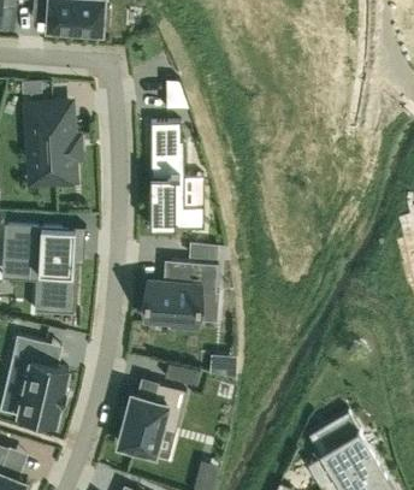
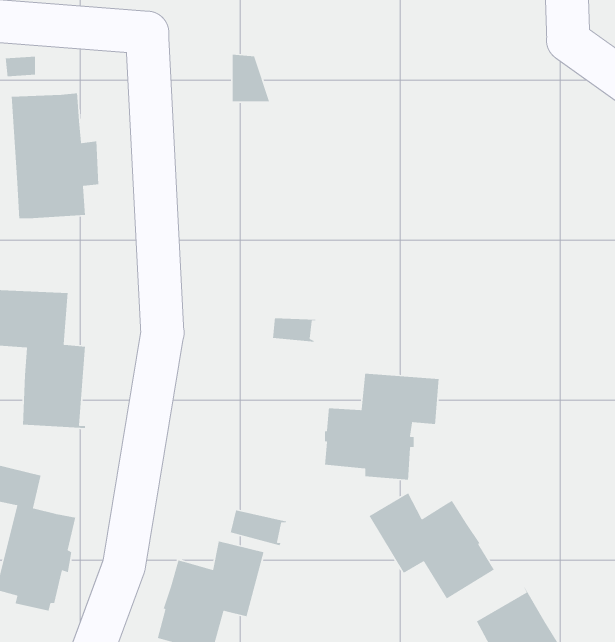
building: [150,123,205,230] -> none
building: [146,261,218,329] -> [324,373,440,481]
building: none -> [368,492,495,600]

